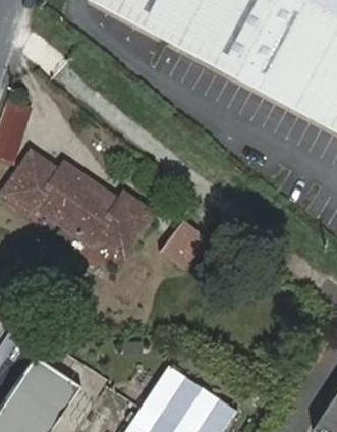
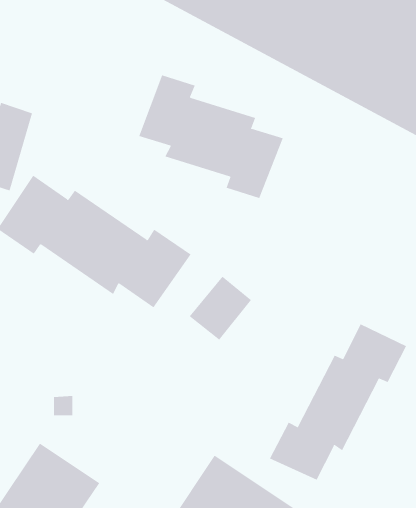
building: none -> [138,75,283,199]
building: none -> [269,324,407,481]

